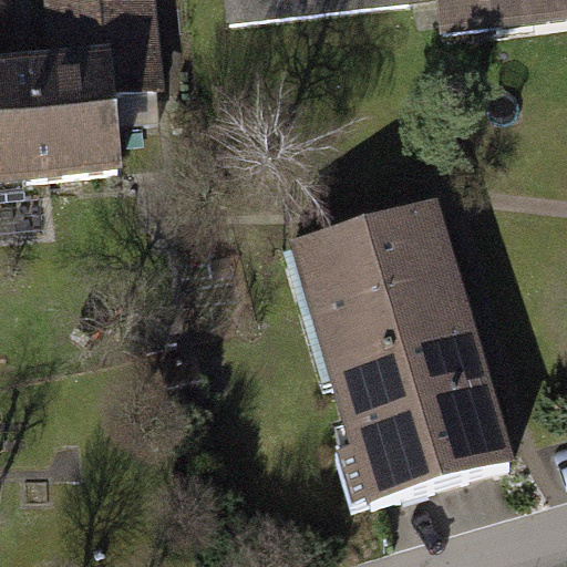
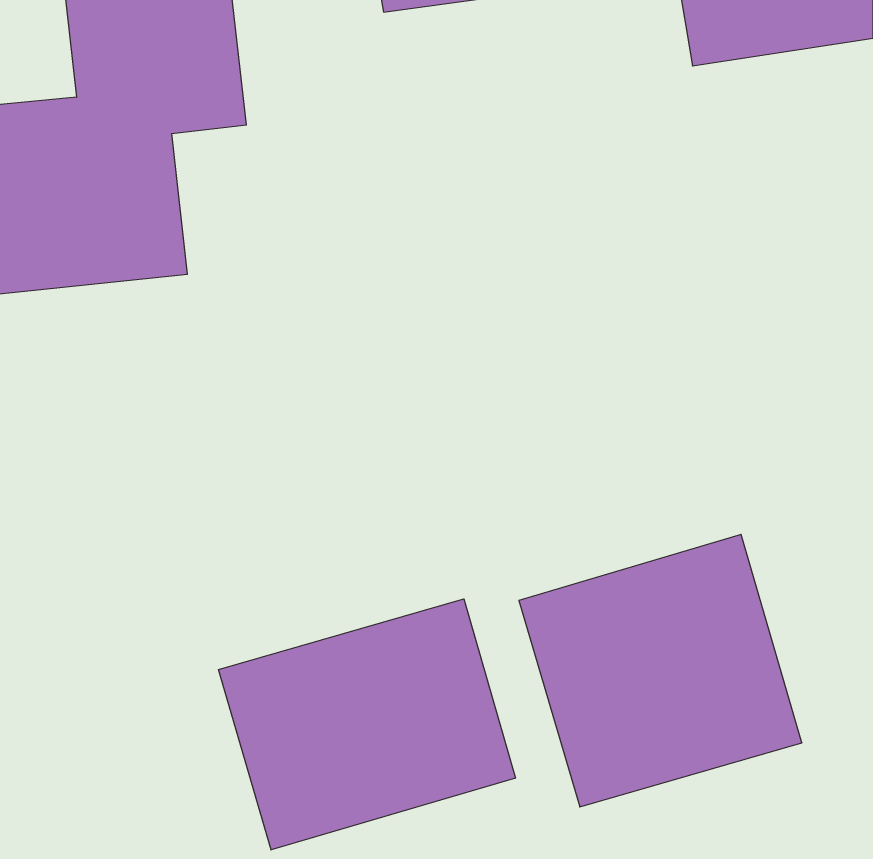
building: [292,209,473,383] -> none
building: none -> [219,599,516,850]

